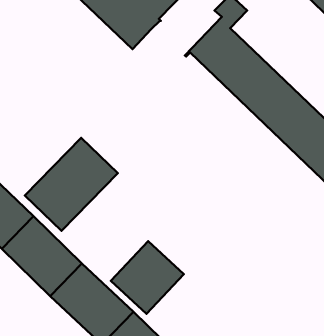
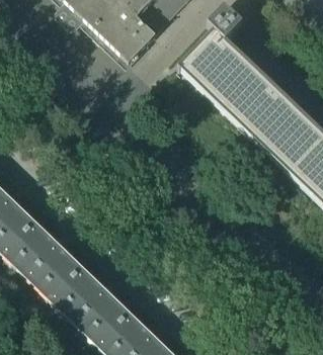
building: [25,138,118,231] -> none
building: [111,241,184,314] -> none

